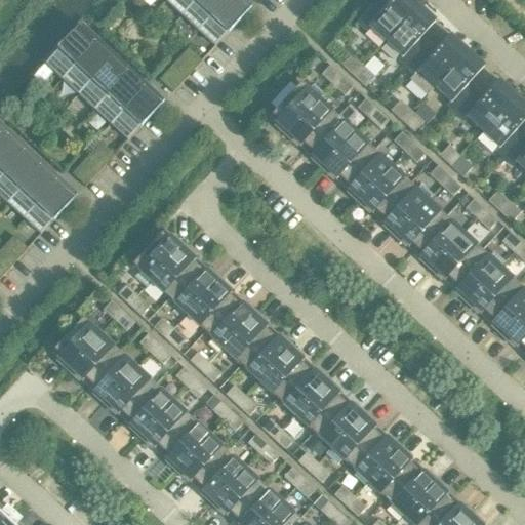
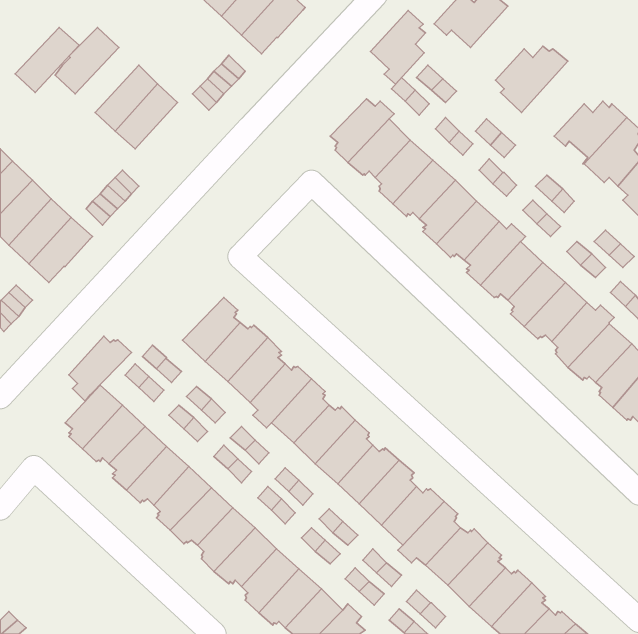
building: [387,5,432,66] -> [370,10,426,84]
building: [63,39,115,92] -> [15,28,79,93]
building: [429,50,480,112] -> none
building: [112,84,164,138] -> none
building: [133,231,185,284] -> [69,336,131,401]

